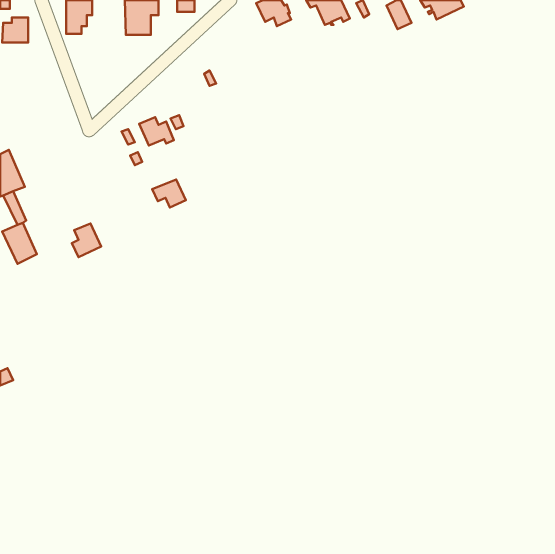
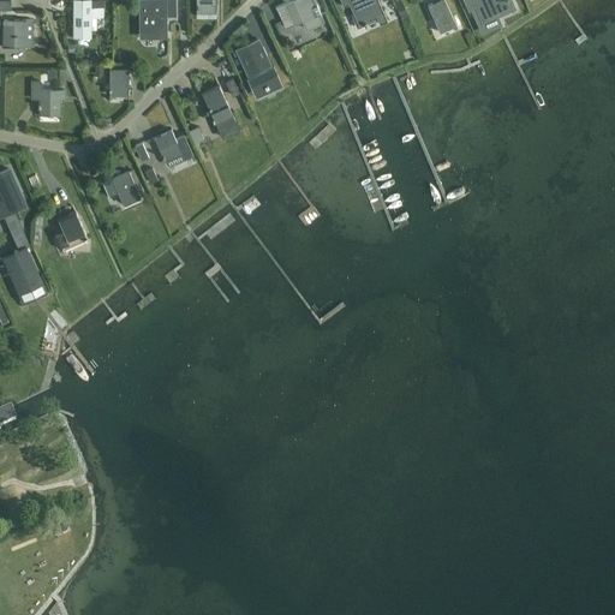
building: none -> [237,40,280,94]
building: none -> [109,70,129,96]
building: none -> [31,83,64,115]
building: none -> [201,86,240,139]
building: [152,179,186,208] -> [102,173,139,204]
building: [72,224,101,257] -> [55,214,88,251]

